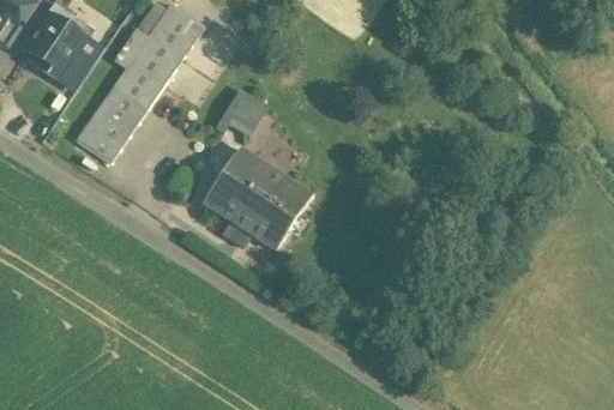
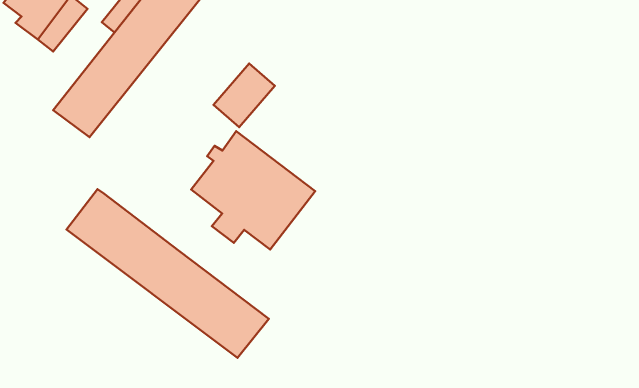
building: none -> [67,189,269,358]

